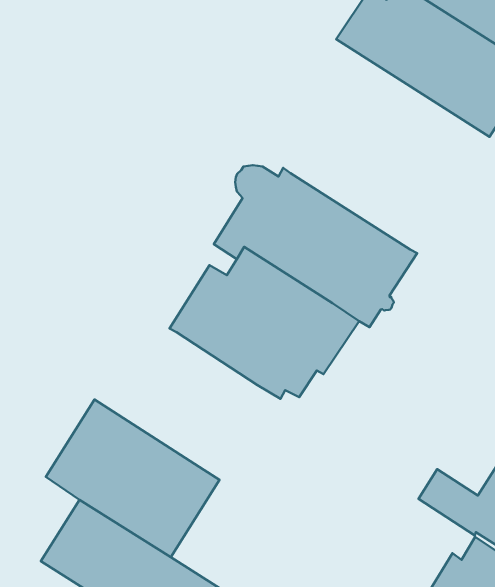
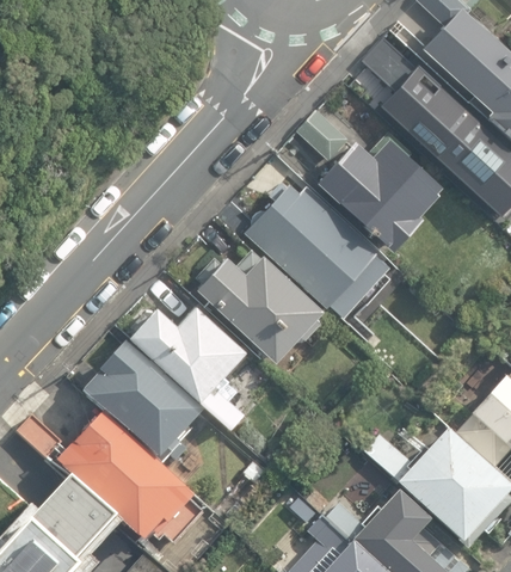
building: none -> [282,109,452,264]
building: none -> [129,297,254,429]

